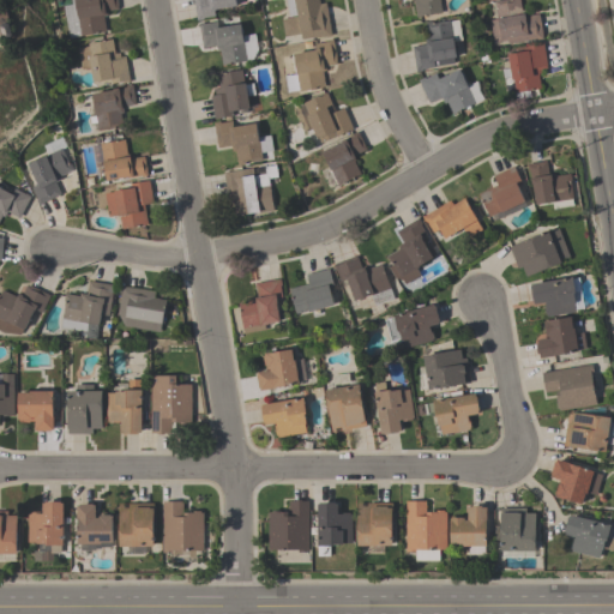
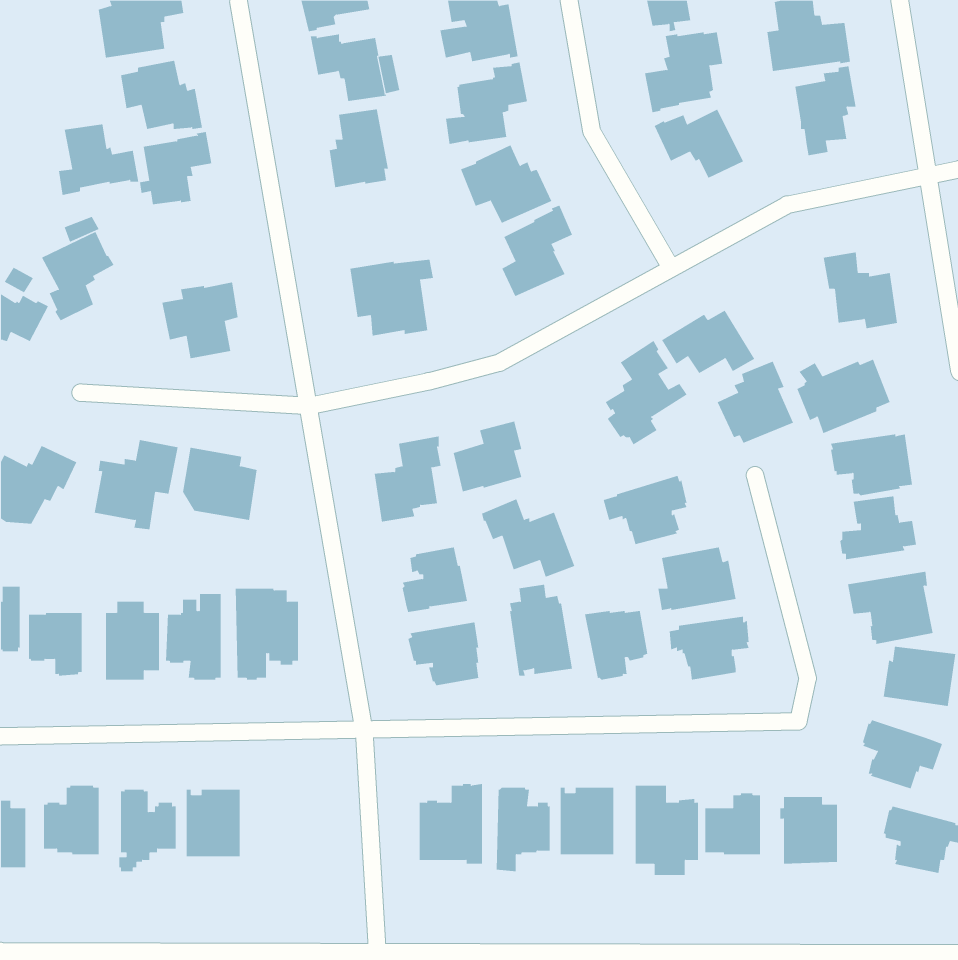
building: [213,116,273,165] -> none
building: [97,139,149,185] -> [58,124,139,195]
building: [478,167,528,219] -> [717,361,794,443]
building: [335,255,395,306] -> [481,499,575,578]
building: [163,501,204,561] -> none

